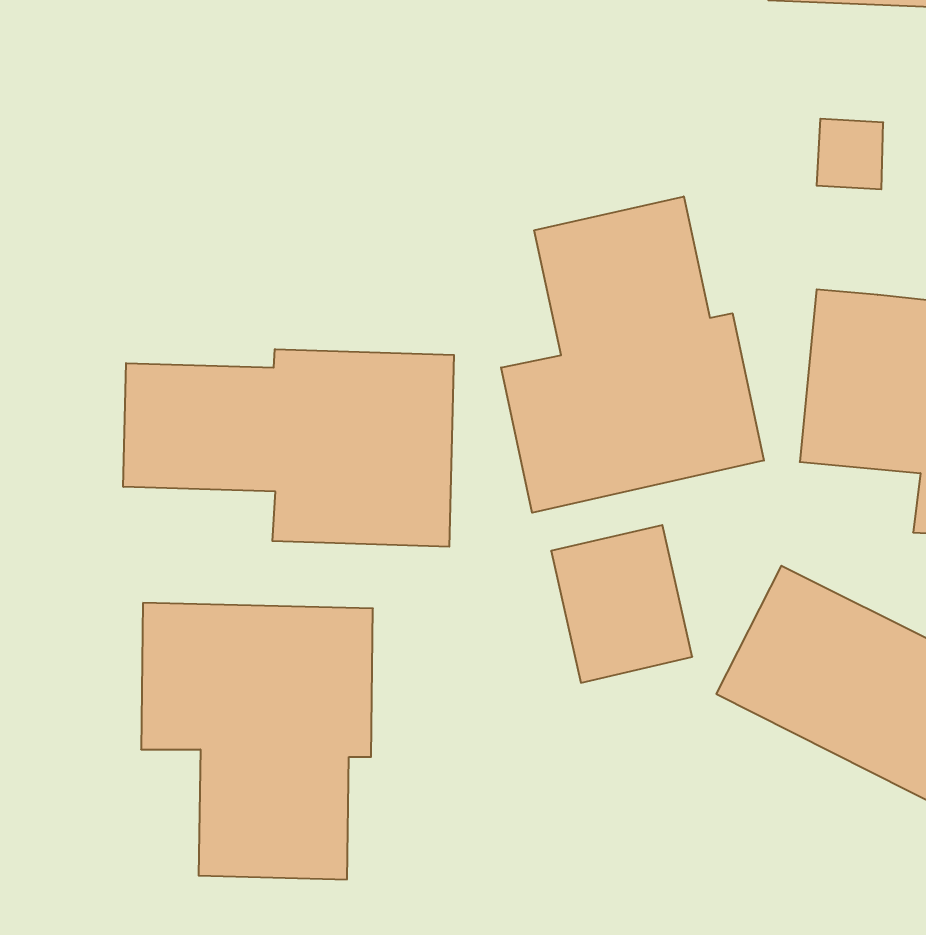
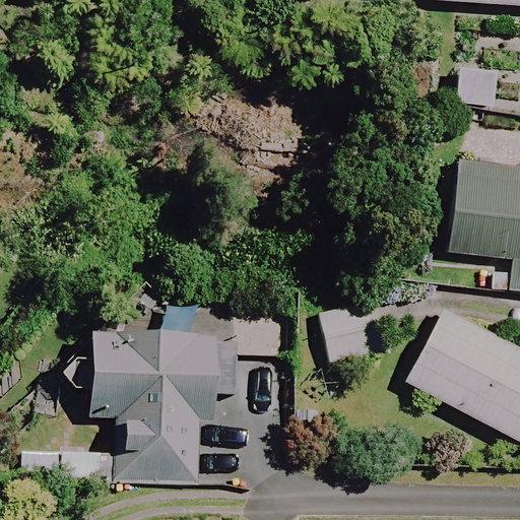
building: [501,196,764,513] -> none
building: [123,349,454,547] -> none

